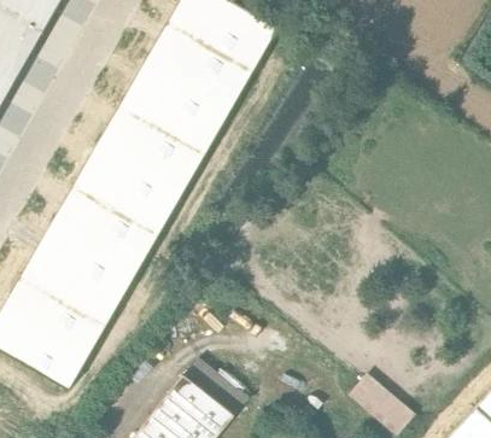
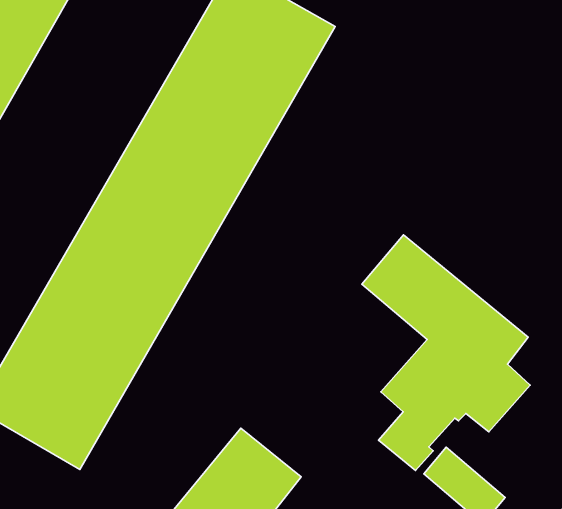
building: none -> [362,235,530,470]

